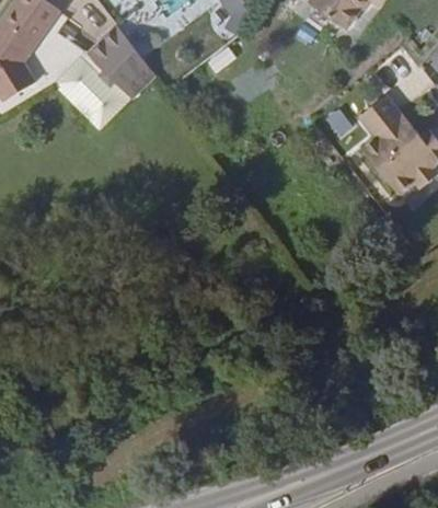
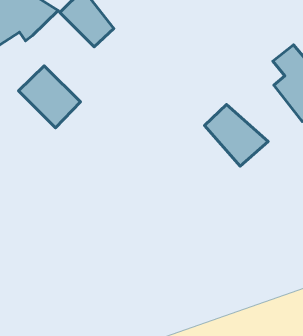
building: [51,51,130,130] -> [19,66,80,128]
building: none -> [204,104,268,166]

